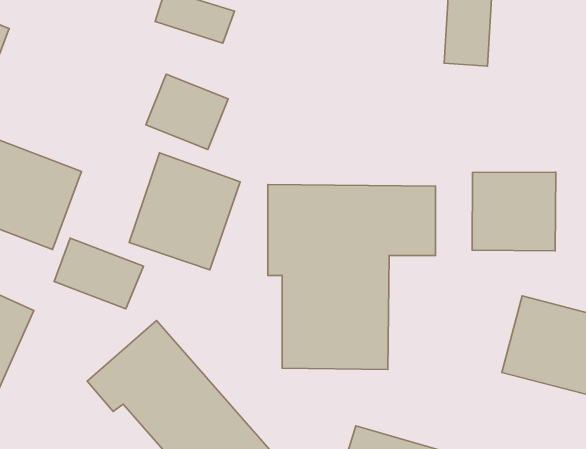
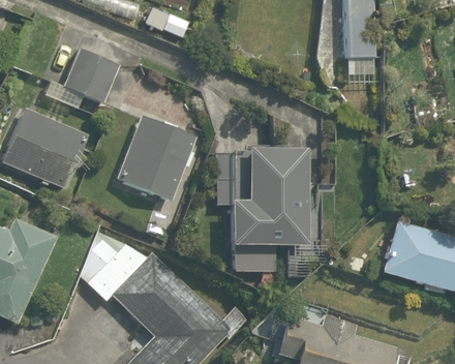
building: [146,74,228,149] -> [62,49,121,102]
building: [472,172,556,251] -> none
building: [54,238,143,309] -> none

